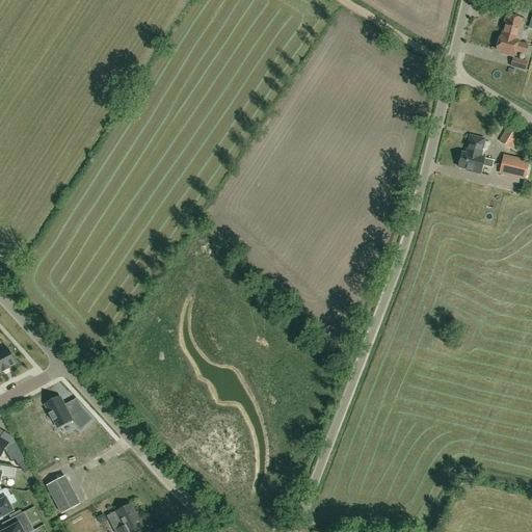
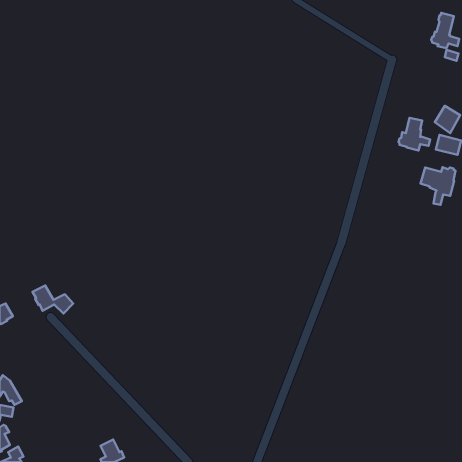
building: none -> [421,167,456,205]
building: [46,397,92,429] -> [33,285,73,313]
building: [46,476,79,513] -> none

